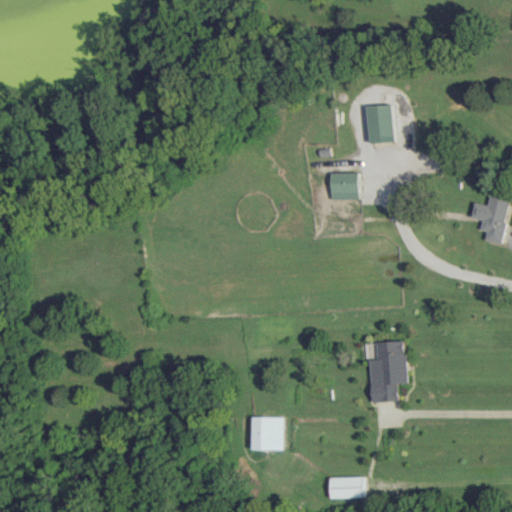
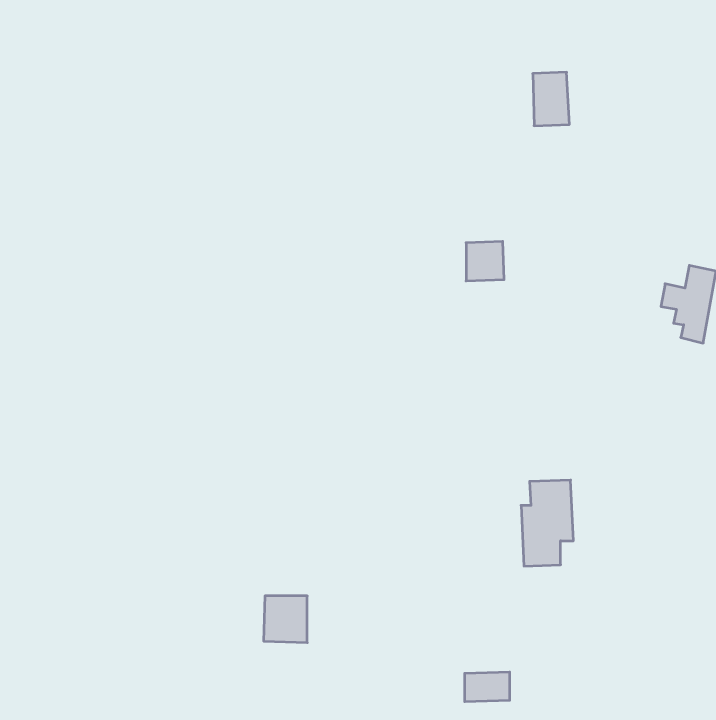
building: [368,105,394,143] -> [533,72,569,126]
building: [252,417,283,450] -> [264,596,307,643]

